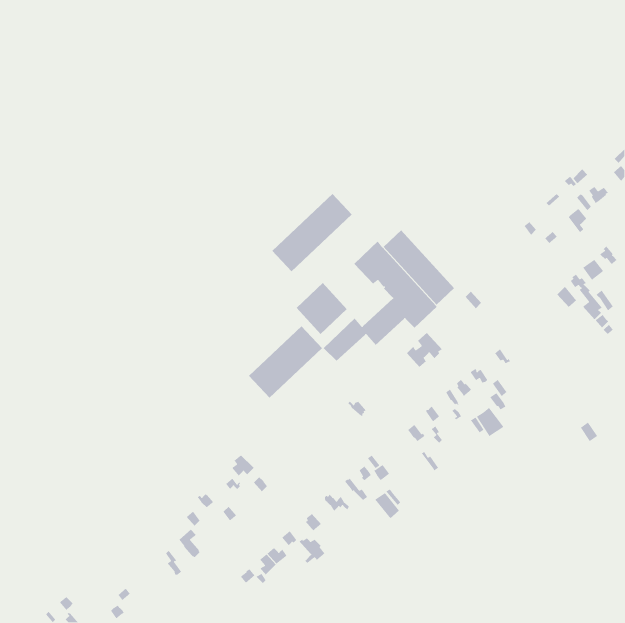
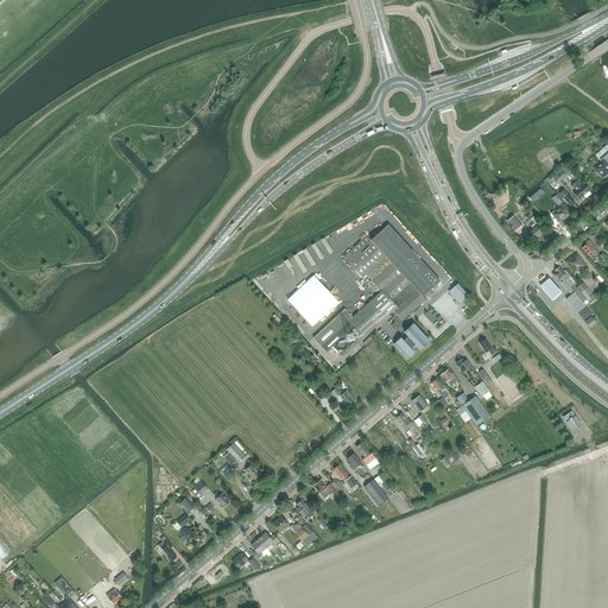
building: [272,193,352,272] -> none
building: [248,325,323,399] -> none

